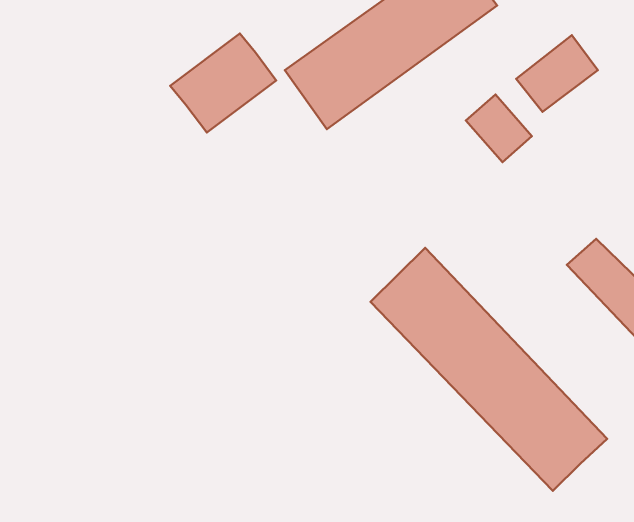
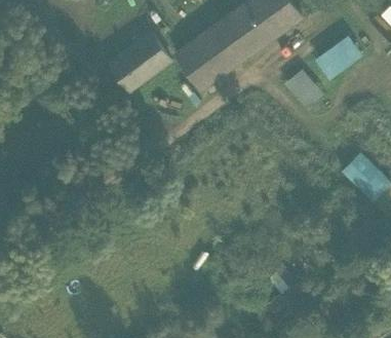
building: [370,248,607,491] -> none

